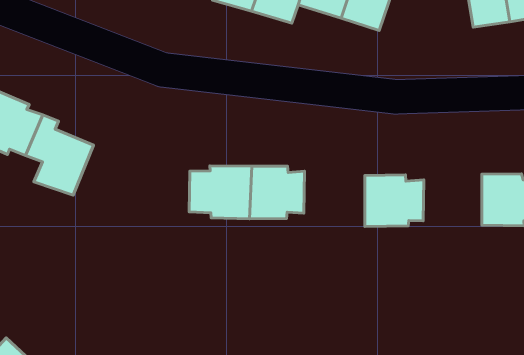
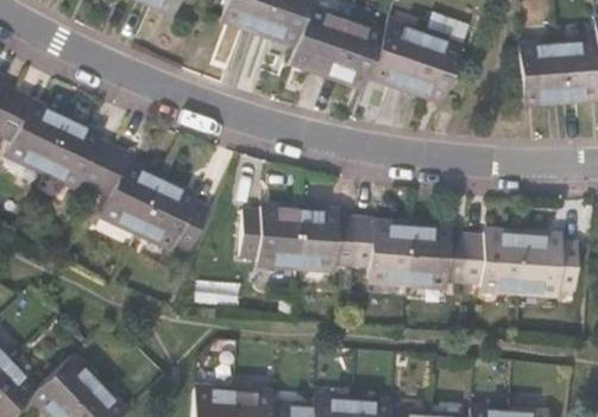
building: none -> [138,184,209,252]
building: none -> [352,223,411,279]
building: none -> [462,235,521,286]

